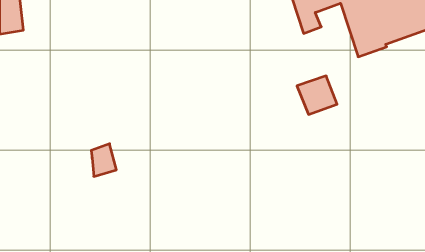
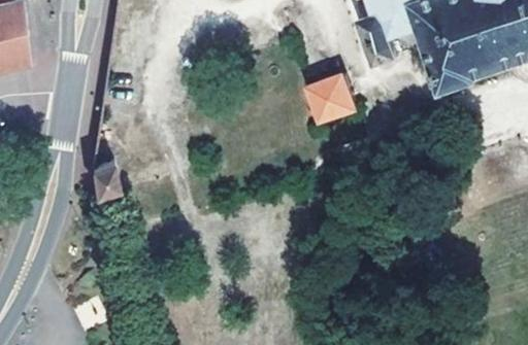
building: [297,76,337,114] -> [306,74,356,122]
building: [91,144,116,176] -> [92,154,123,195]

